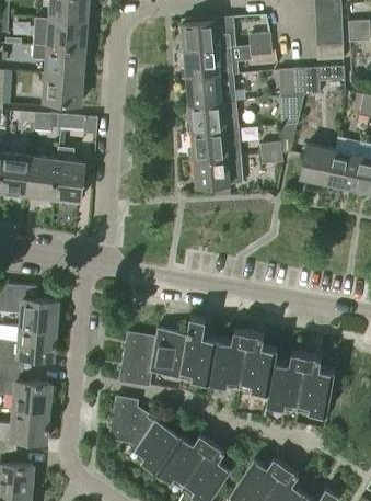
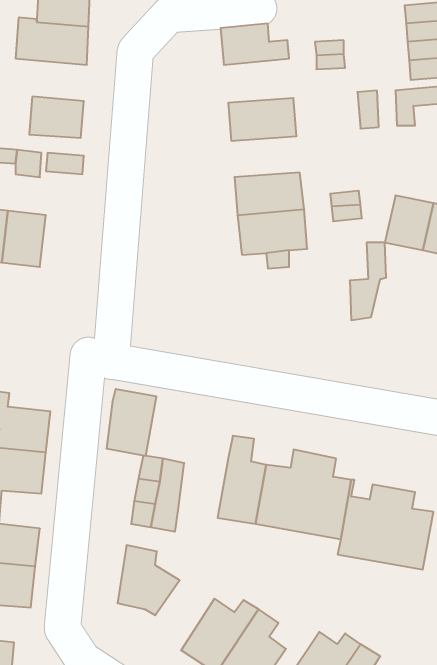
building: [33,46,85,77] -> none
building: [184,46,234,78] -> none
building: [282,69,309,125] -> [350,243,386,320]
building: [189,102,239,132] -> none
building: [51,147,83,200] -> none
building: [151,329,187,377] -> [106,389,157,456]
building: [128,420,177,472] -> none

